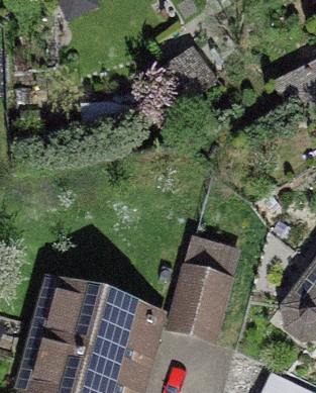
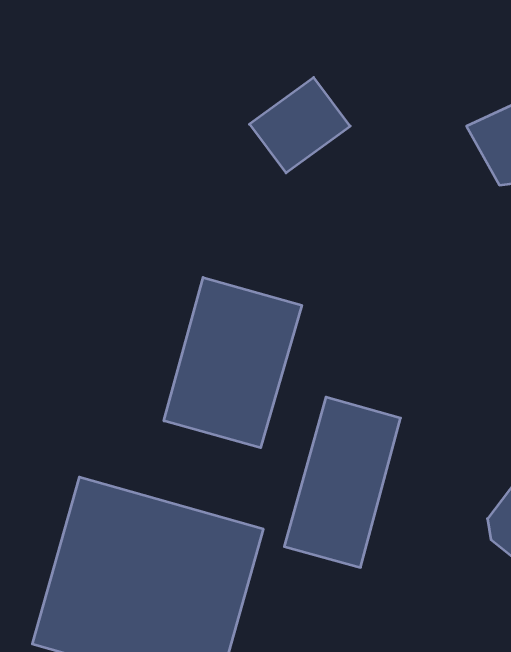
building: none -> [164,277,302,448]

